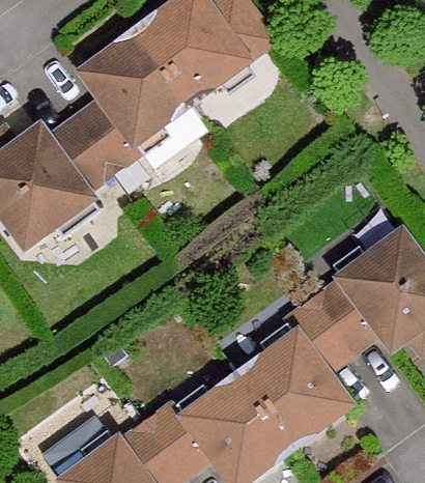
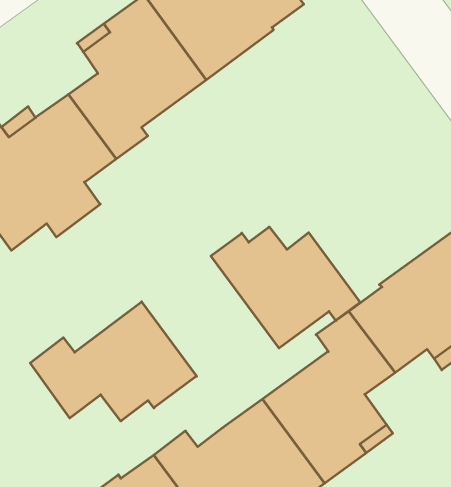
building: none -> [211,227,360,348]
building: none -> [30,302,197,421]

